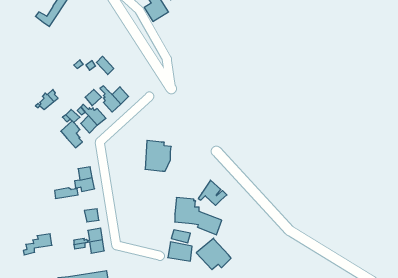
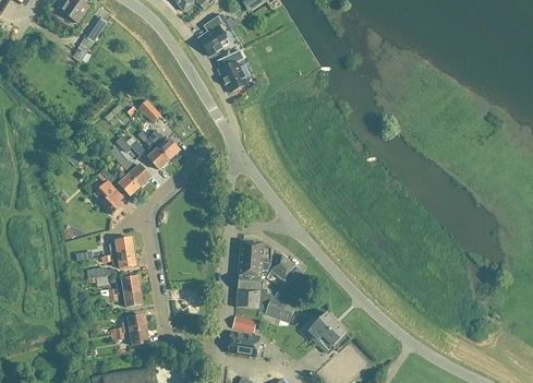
building: none -> [218,50,246,92]
building: [145,140,171,171] -> [239,240,271,278]
building: [23,234,52,255] -> [104,276,140,302]
building: [196,238,231,270] -> [305,312,349,351]

